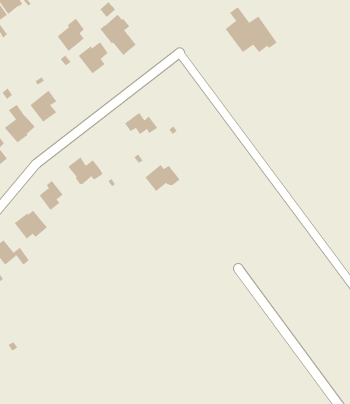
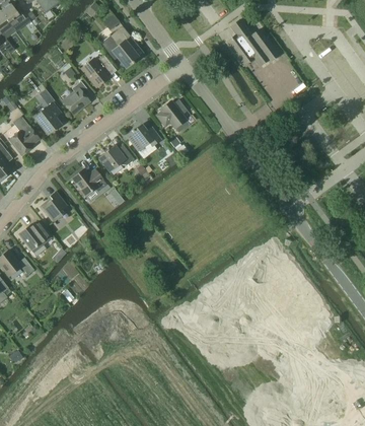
building: [57,18,84,52] -> [63,81,90,115]
building: none -> [158,98,188,127]
building: [144,164,181,192] -> [99,144,135,171]

